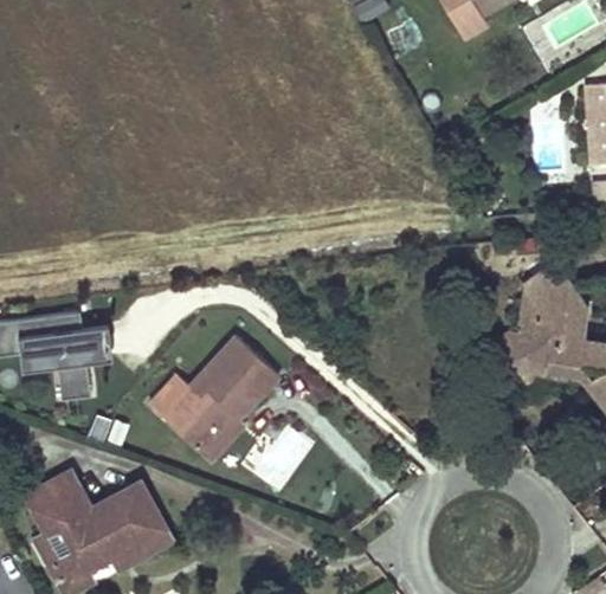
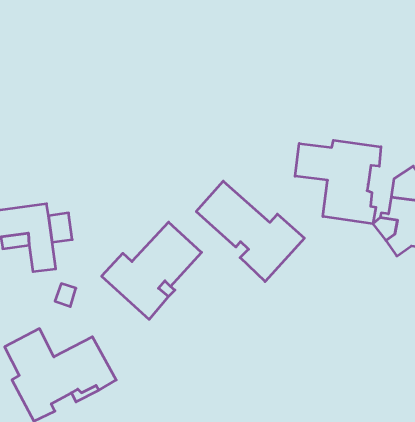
building: none -> [295,140,381,224]
building: none -> [196,181,304,282]

